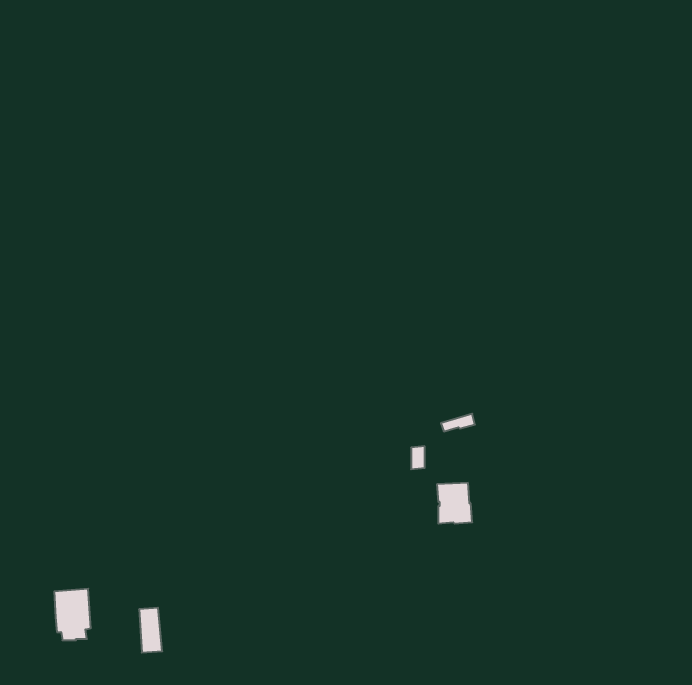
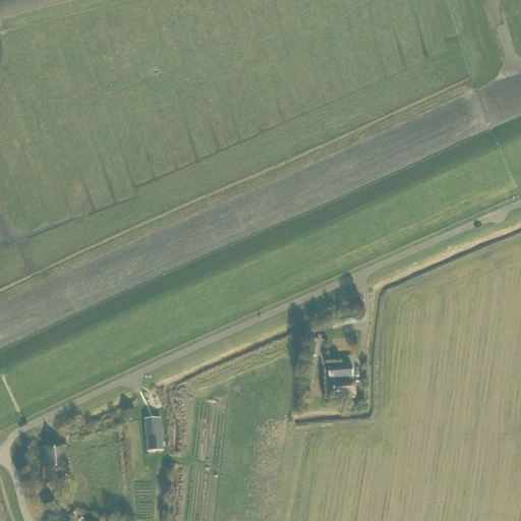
building: [139,608,162,653] -> [144,414,162,448]

